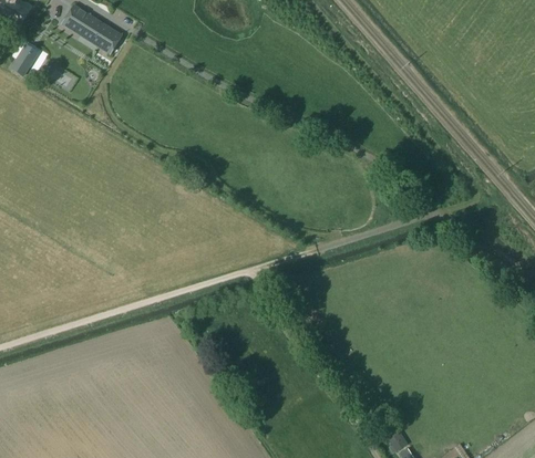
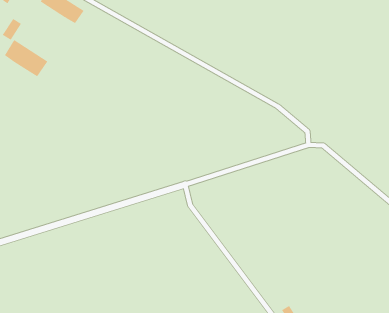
building: none -> [4,39,48,77]

